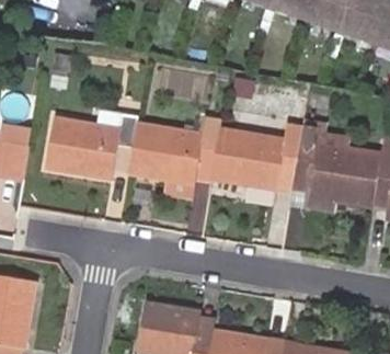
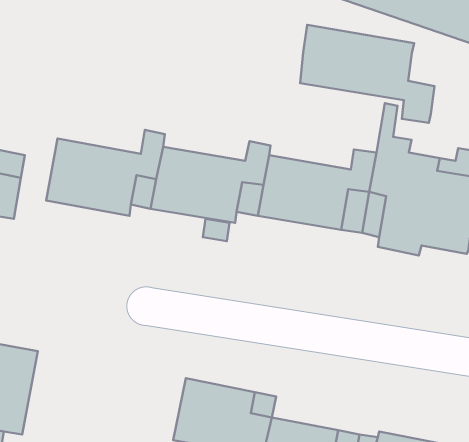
building: none -> [300,25,435,123]

